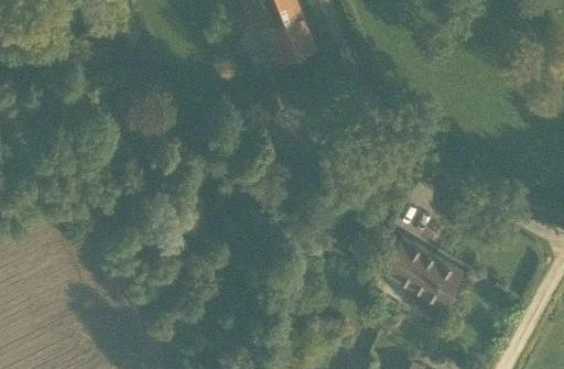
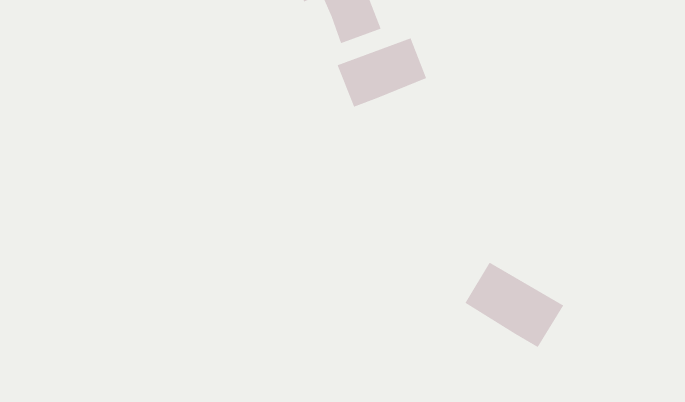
building: none -> [337,37,427,107]

